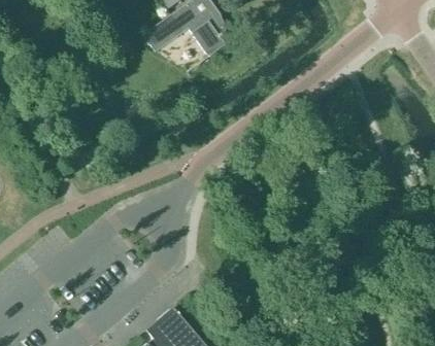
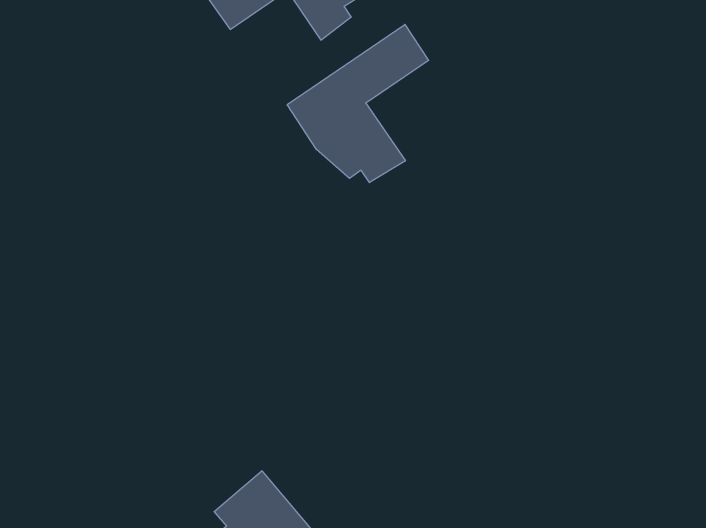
building: none -> [287,24,429,183]

